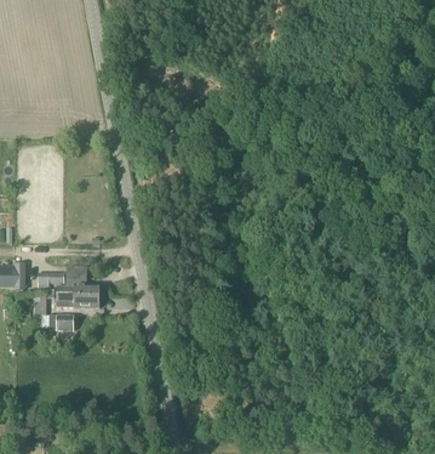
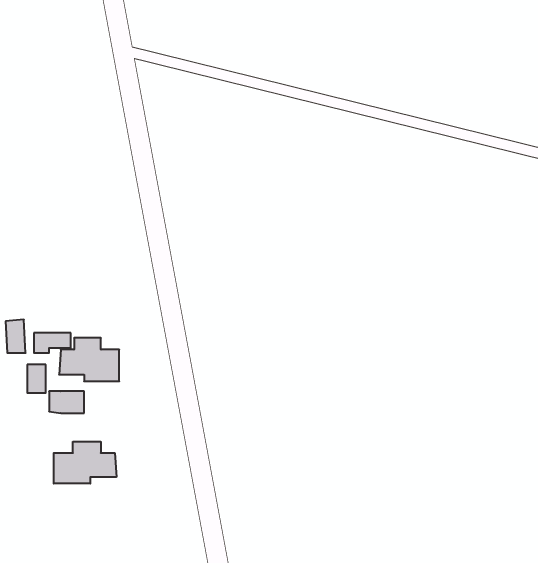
building: none -> [54,442,116,484]

